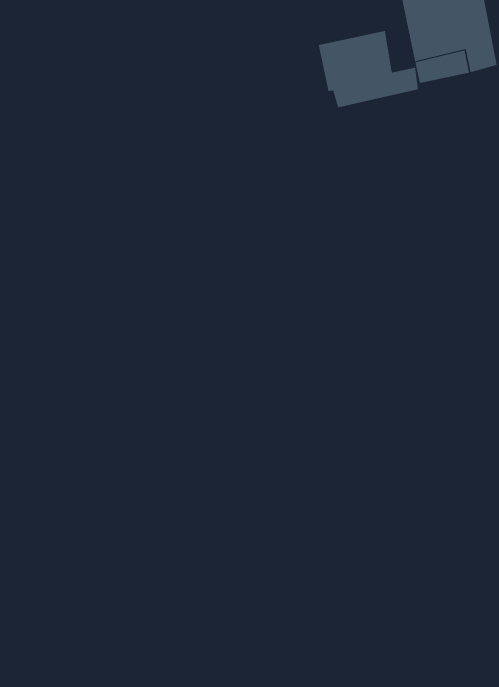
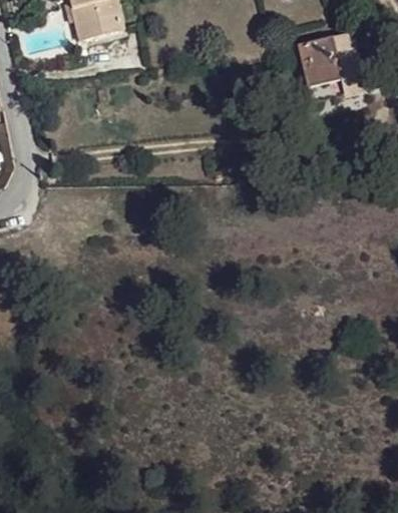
building: [318,30,419,108] -> none

